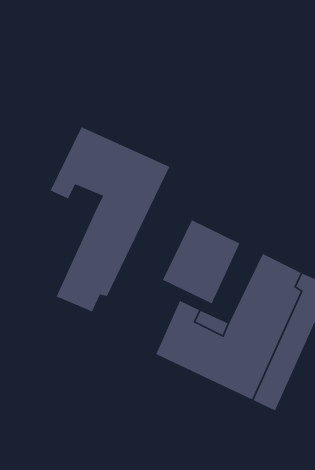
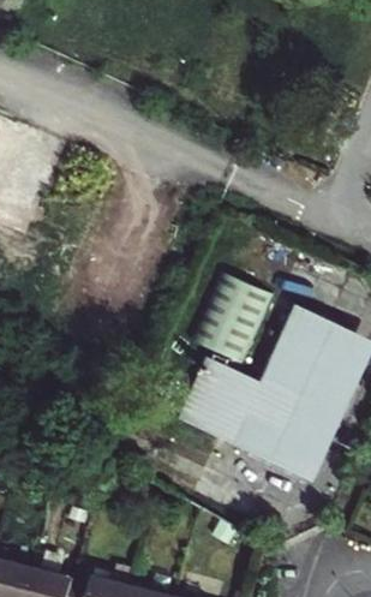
building: [50,126,170,312] -> none

